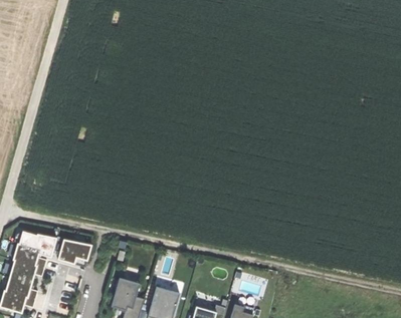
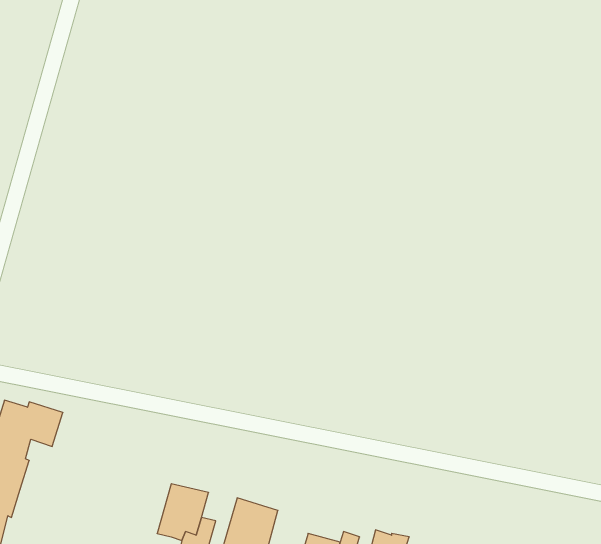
building: [59,238,91,262] -> none

